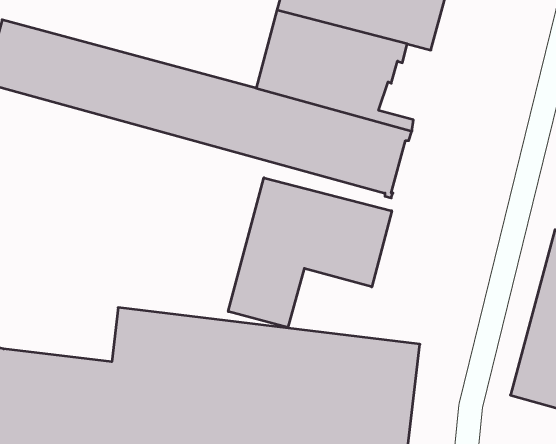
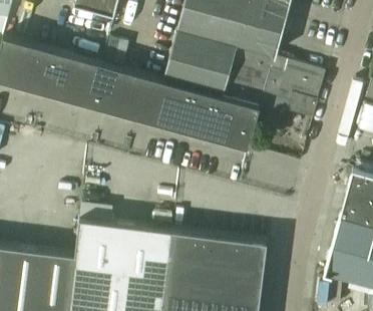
building: none -> [241,54,322,120]
building: [228,178,392,327] -> none

